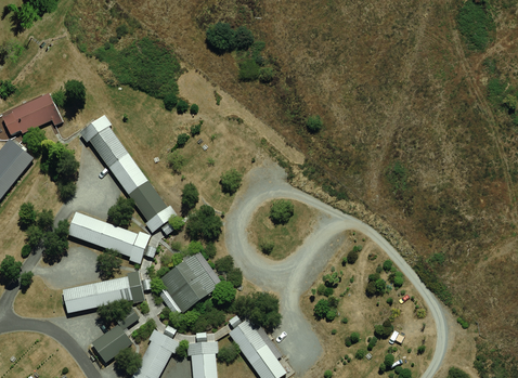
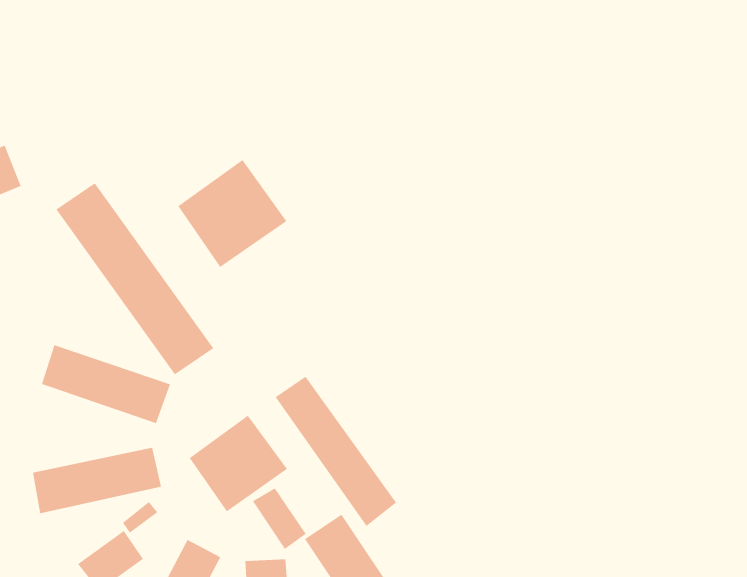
building: none -> [177,159,287,268]
building: none -> [275,376,397,527]
building: none -> [252,488,306,550]

